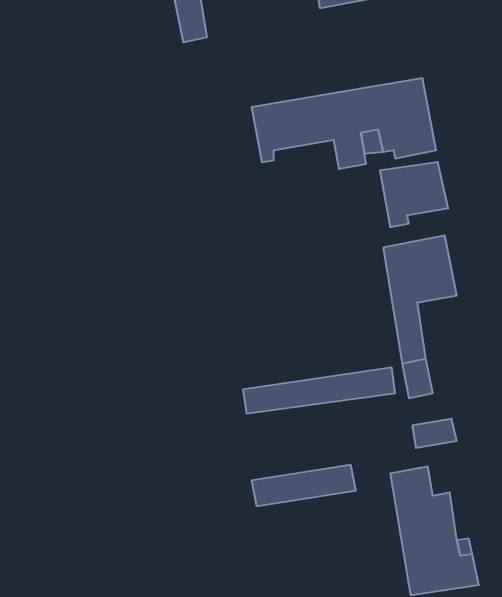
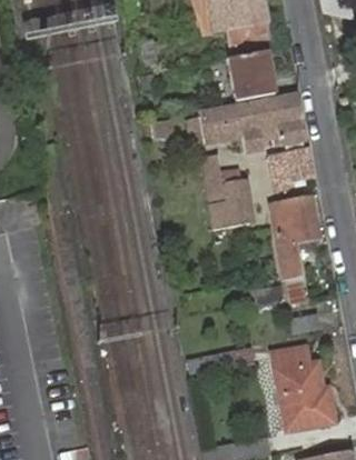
building: none -> [228,50,274,100]
building: none -> [206,163,249,226]

